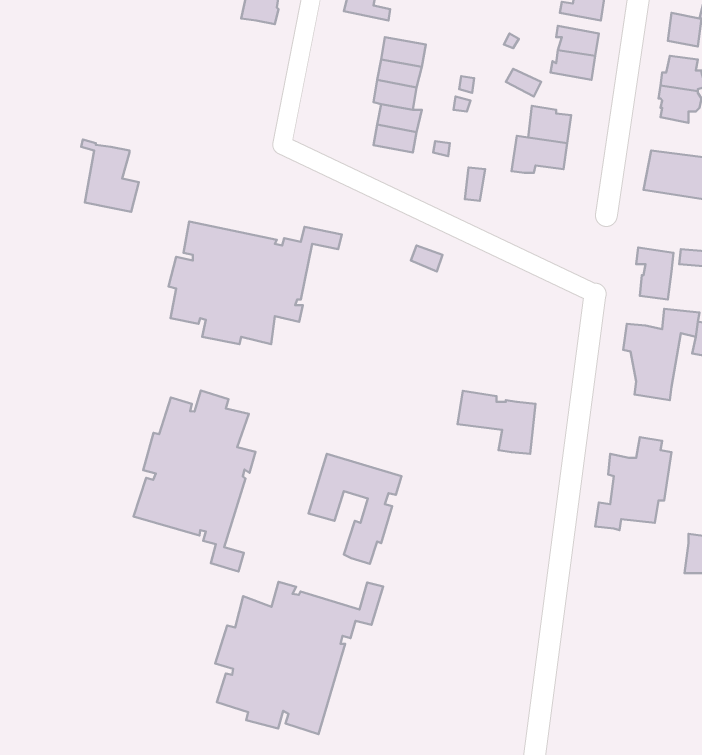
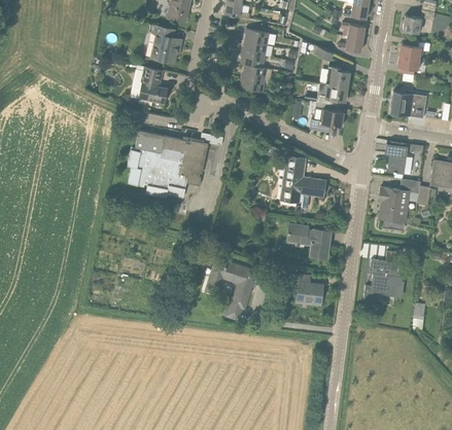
building: none -> [152,24,183,63]
building: [81,139,139,212] -> [137,64,169,104]
building: none -> [310,108,344,132]
building: none -> [281,155,325,212]
building: [134,391,256,572] -> none
building: none -> [291,273,323,304]
building: [215,582,383,734] -> none

